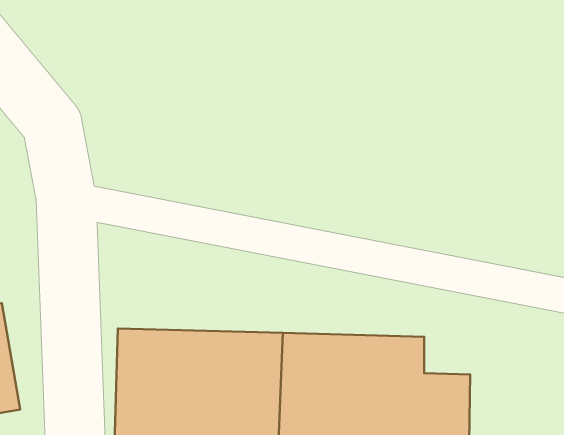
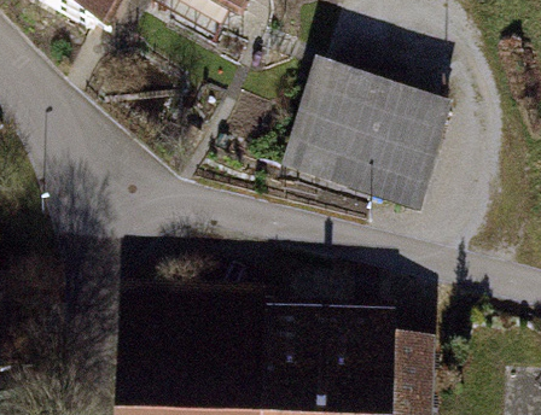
building: none -> [291,80,447,209]

